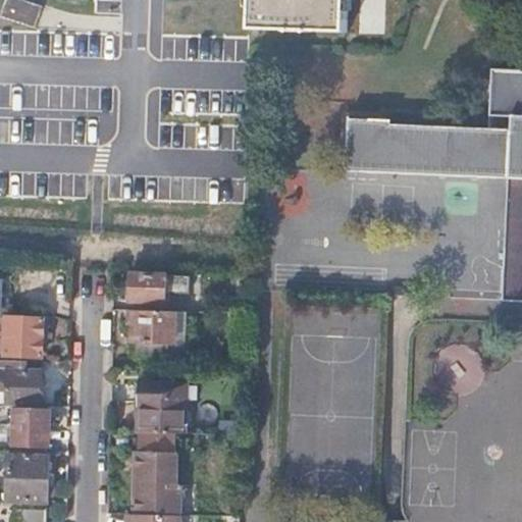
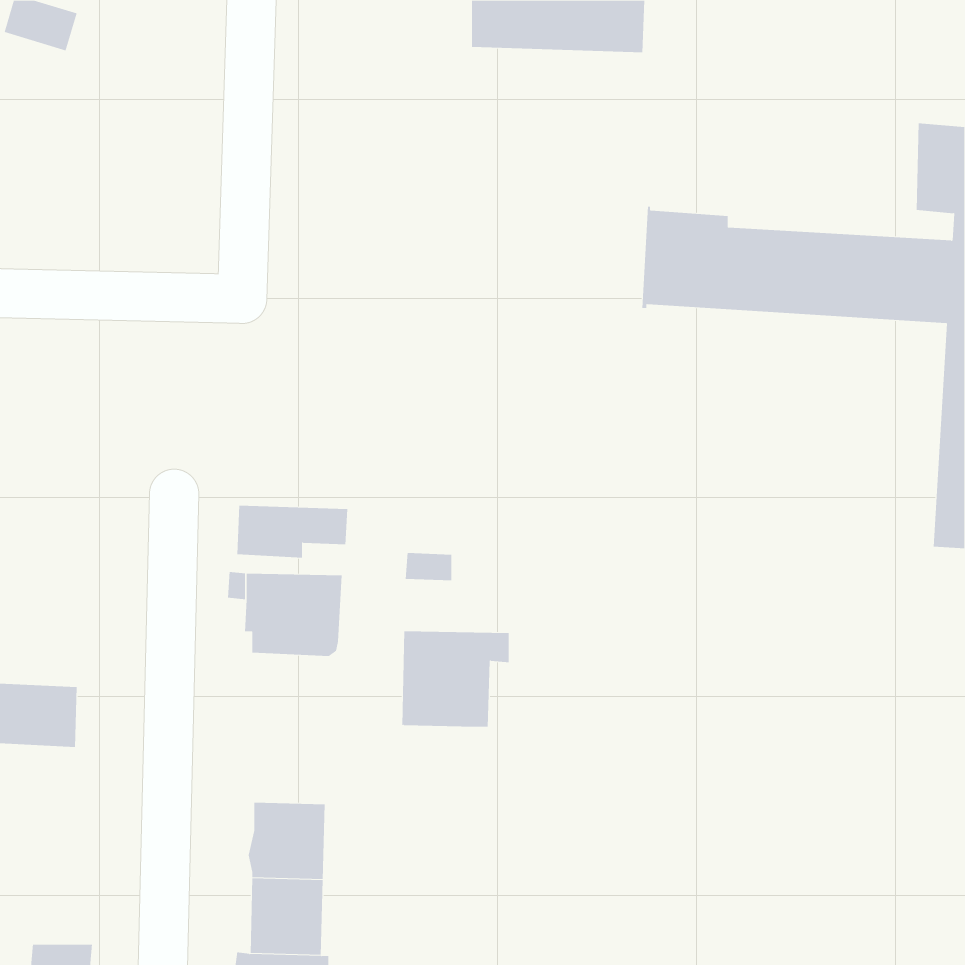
building: [4,317,43,355] -> none
building: [136,382,194,434] -> [402,631,509,727]
building: [15,409,50,451] -> none
building: [14,455,50,499] -> none

